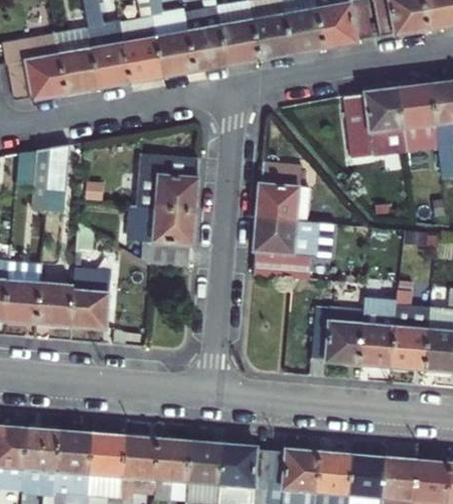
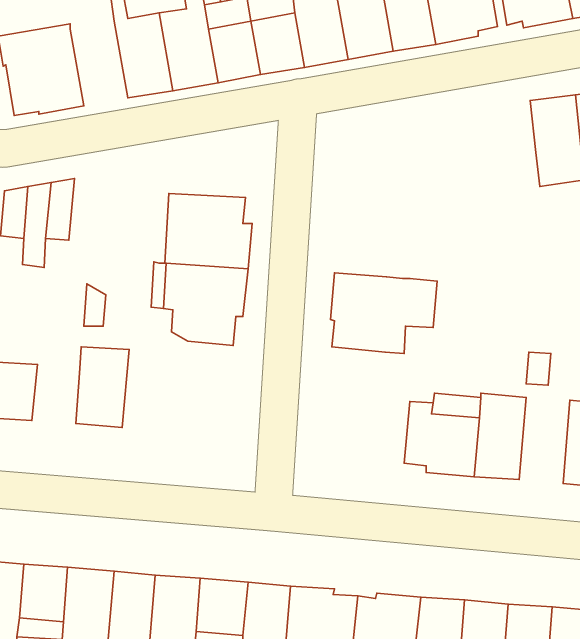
building: [64,29,107,92] -> none
building: [348,88,409,155] -> none
building: [259,165,312,218] -> none
building: [36,282,71,325] -> none
building: [395,306,432,369] -> none

